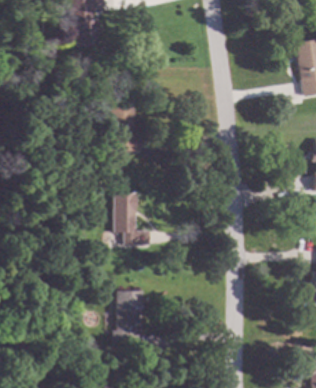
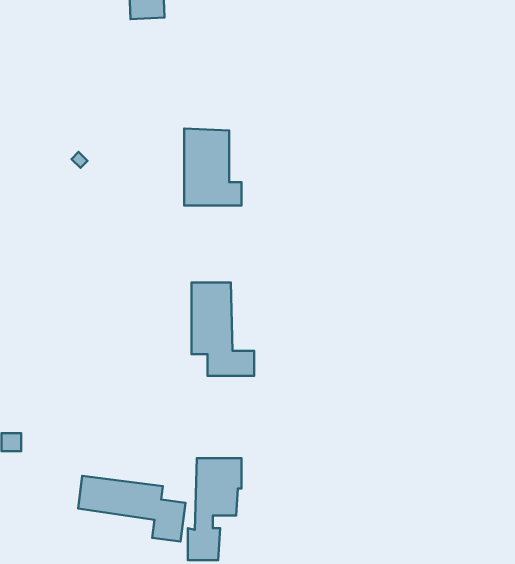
building: none -> [78,476,185,541]

